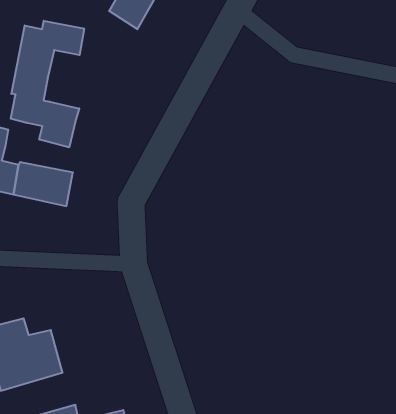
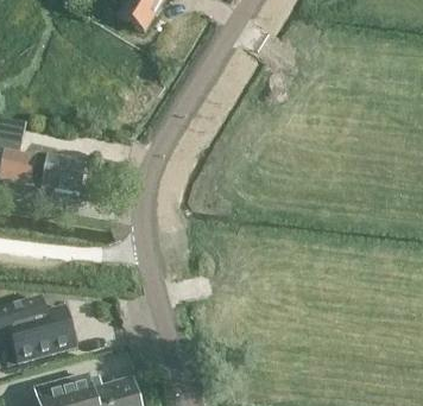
building: [11,21,84,147] -> none

